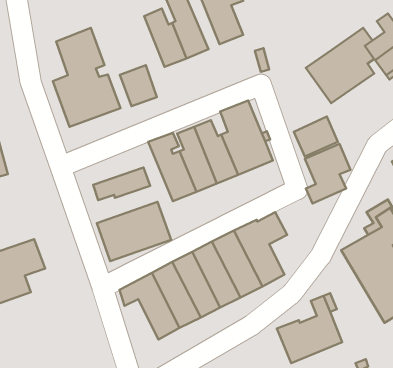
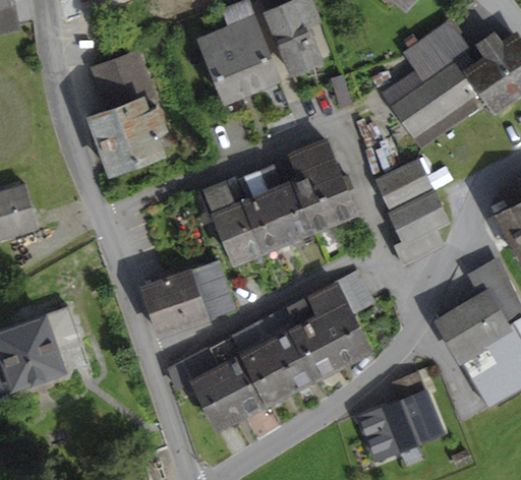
building: none -> [408,26,466,80]
building: [120,65,157,106] -> none
building: [93,168,150,200] -> none

